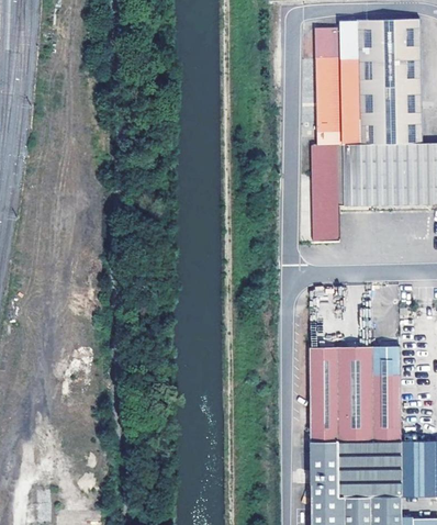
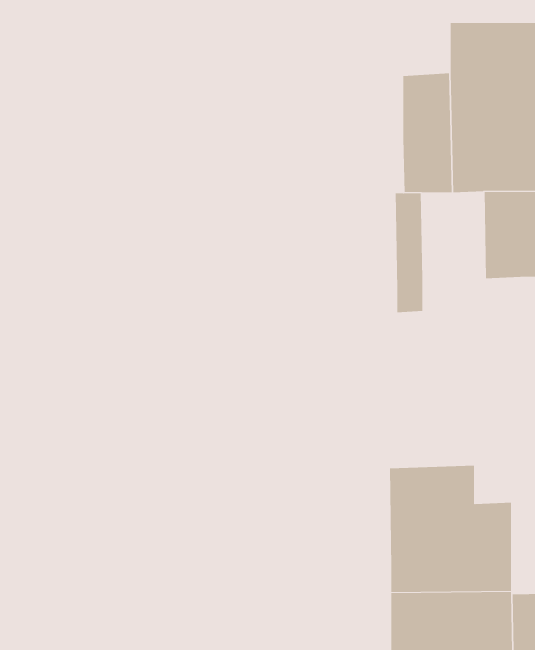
building: [317,19,354,58] -> none
building: [333,144,380,209] -> none
building: [372,346,400,376] -> none

